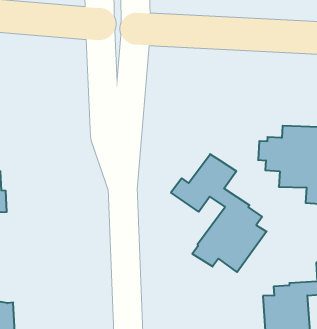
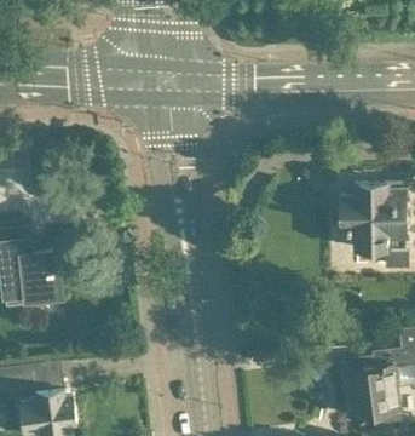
building: [171,154,267,272] -> none

